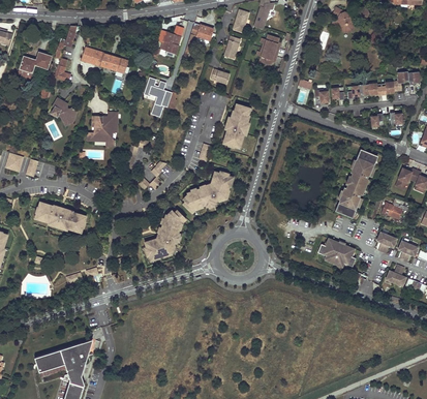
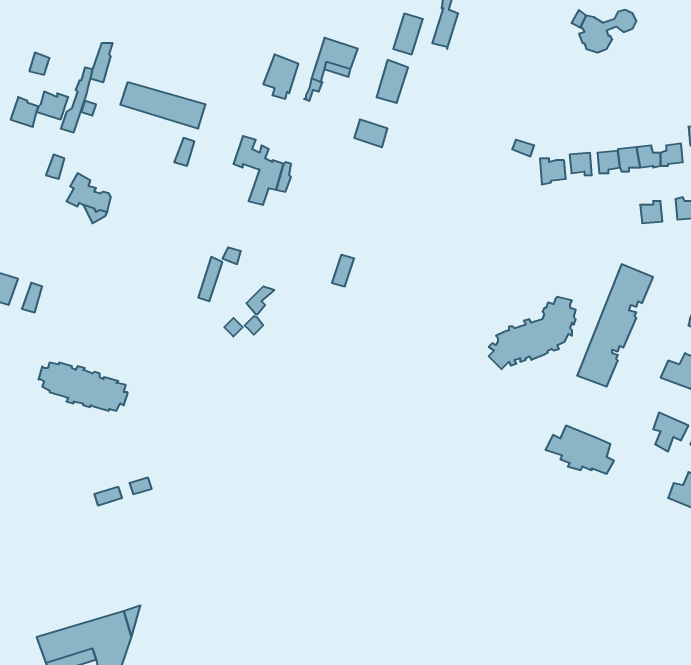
building: [260,35,279,66] -> none
building: [224,104,249,147] -> none
building: [88,112,117,146] -> none
building: [182,172,231,212] -> [489,297,576,369]
building: [144,210,184,258] -> none

